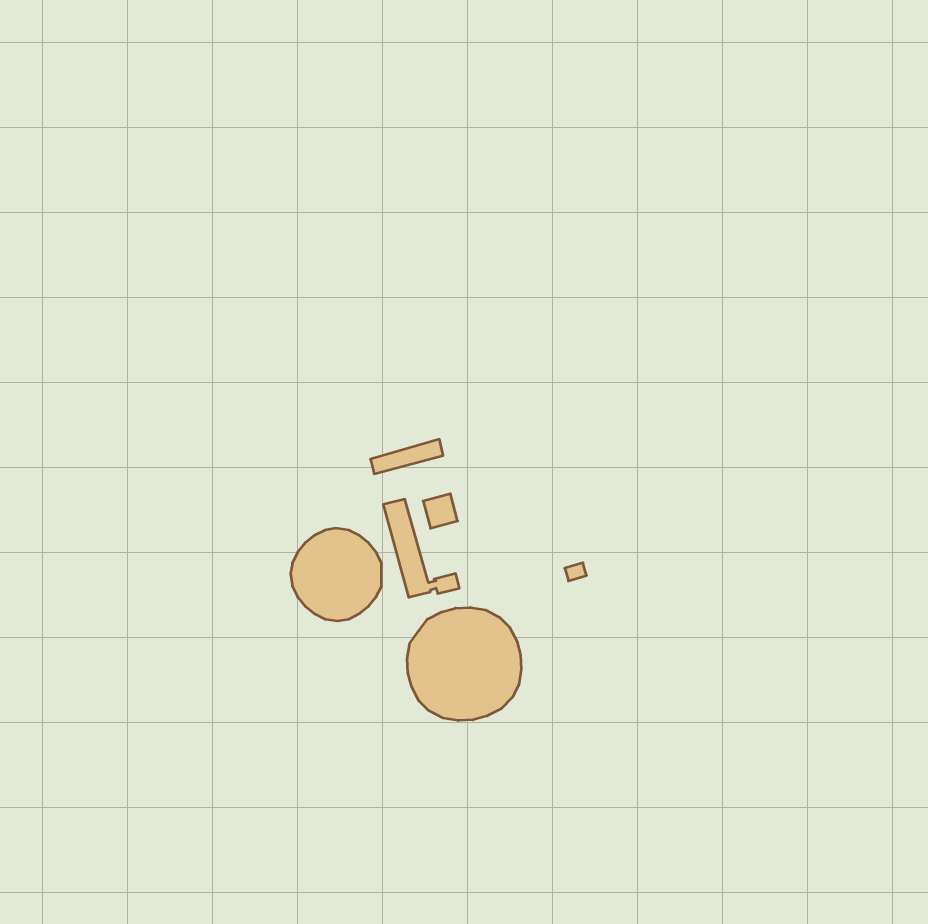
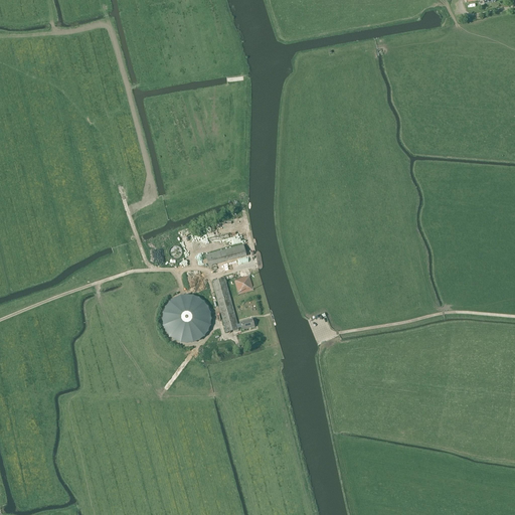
building: [407,607,521,721] -> none

